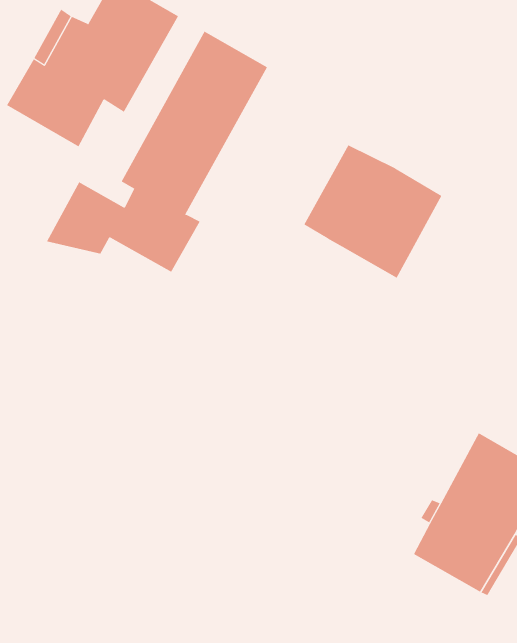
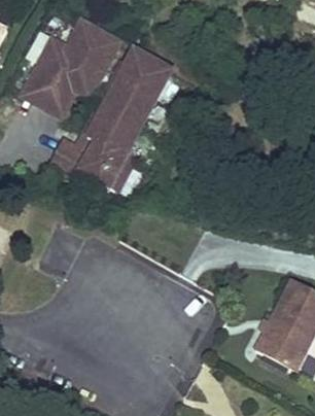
building: [304,145,442,279] -> none

